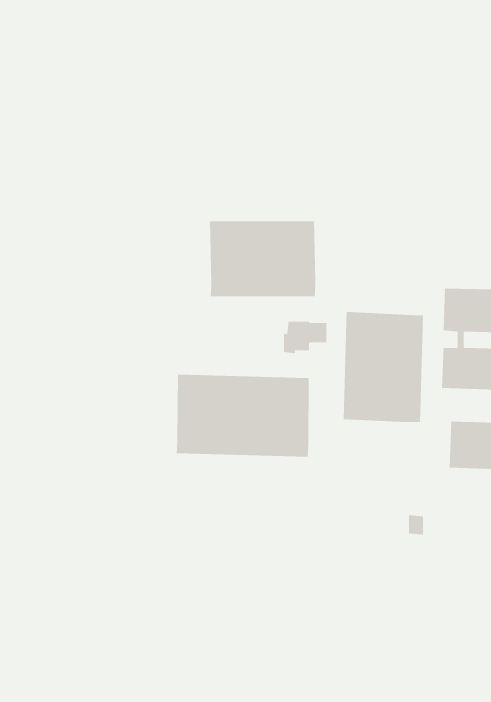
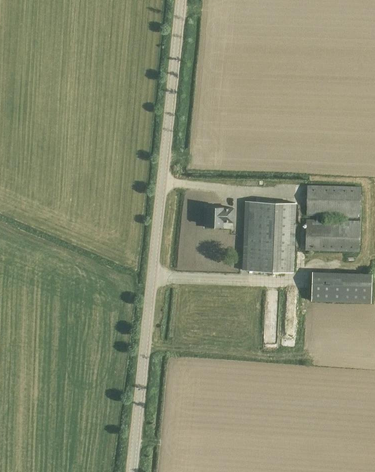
building: [209,220,316,297] -> none
building: [176,374,309,458] -> none

